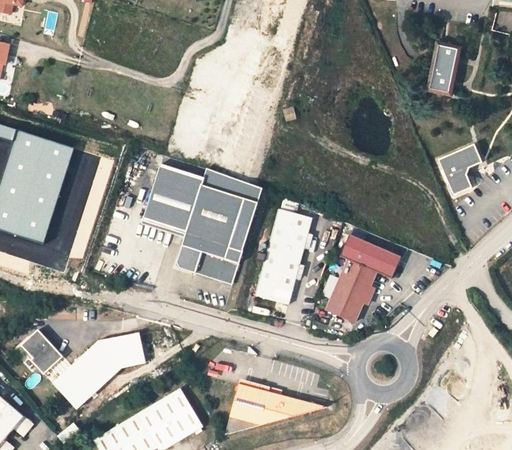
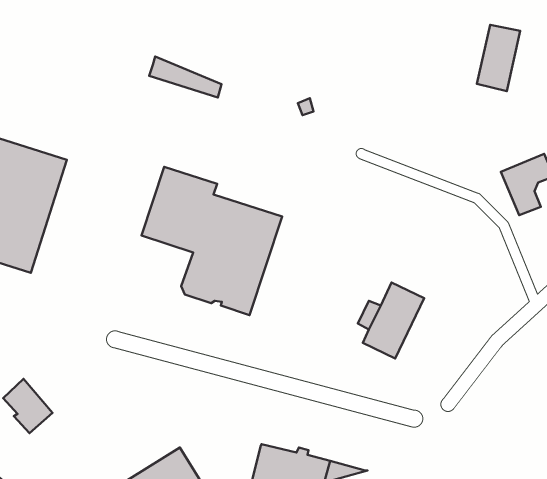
building: [201,165,261,199] -> [149,56,221,97]
building: [254,205,311,301] -> none
building: [342,229,402,275] -> none
building: [57,337,150,413] -> none

